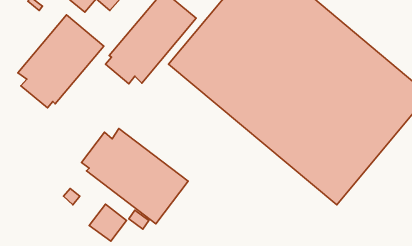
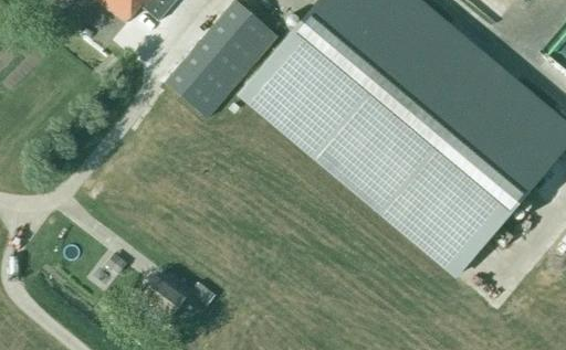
building: [18,15,104,108] -> none
building: [82,129,188,224] -> none

